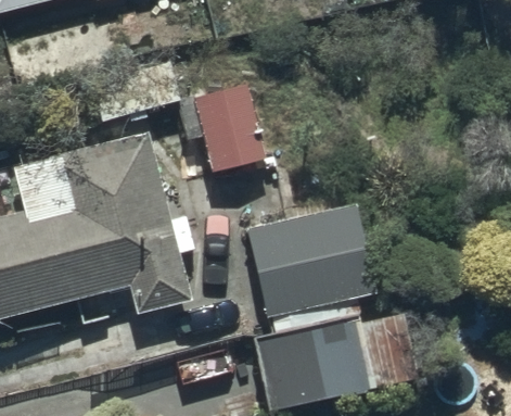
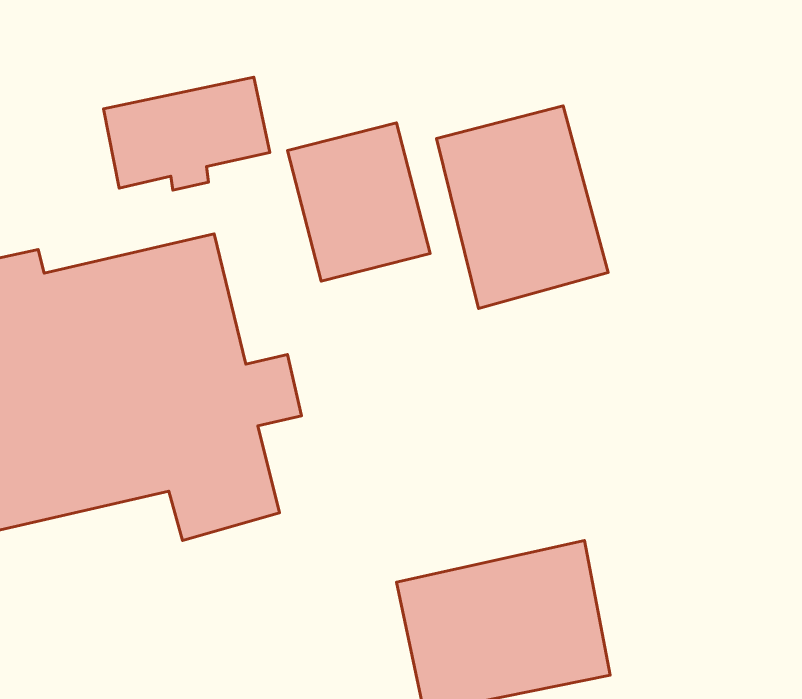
building: none -> [436,106,608,308]
building: [248,206,375,317] -> none

